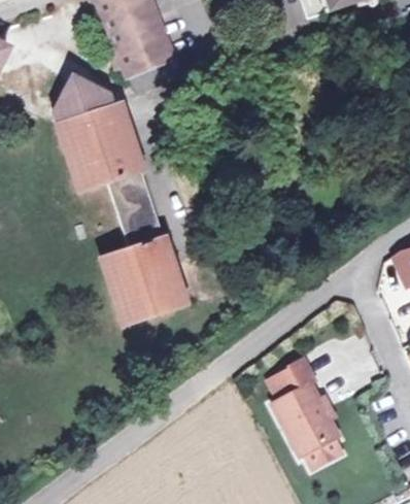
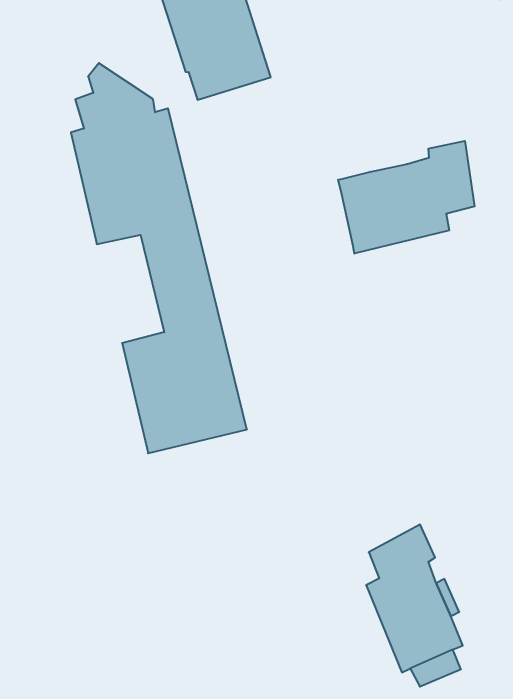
building: none -> [338,141,475,254]

